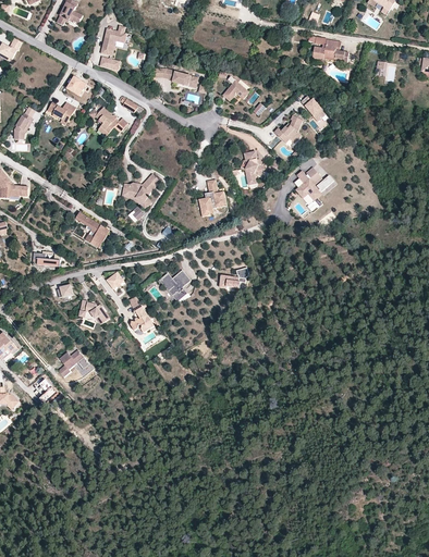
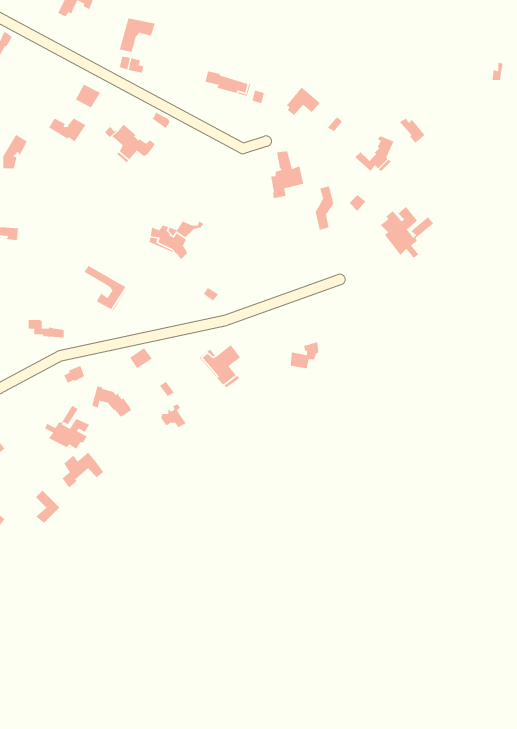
building: [312,39,350,61] -> none
building: [203,180,228,215] -> [270,150,304,199]
building: none -> [44,405,90,450]

